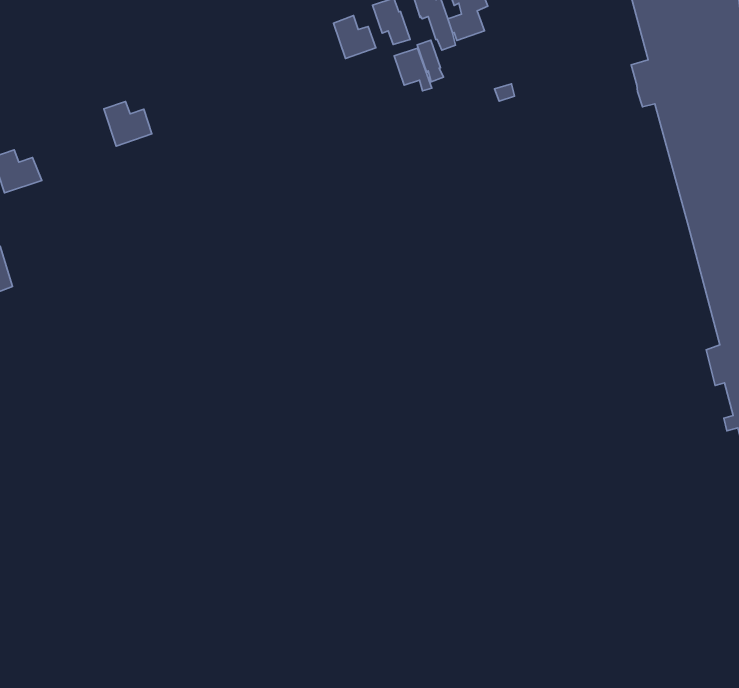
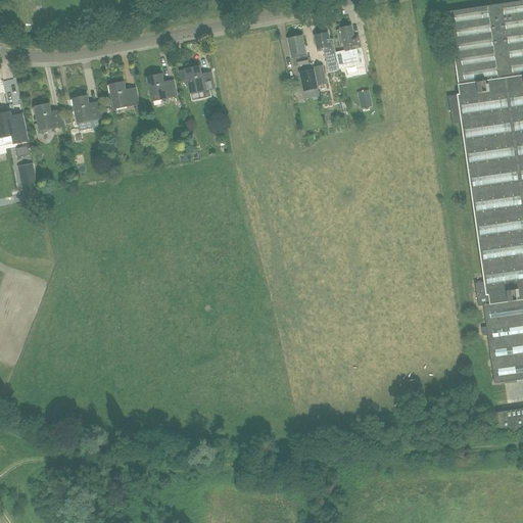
building: [334,16,376,58] -> none
building: none -> [178,65,215,93]
building: none -> [147,74,177,100]
building: none -> [73,95,101,123]

